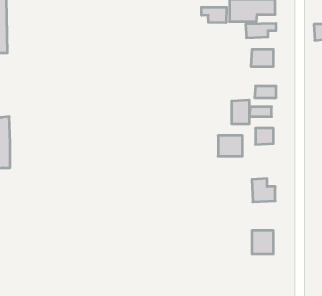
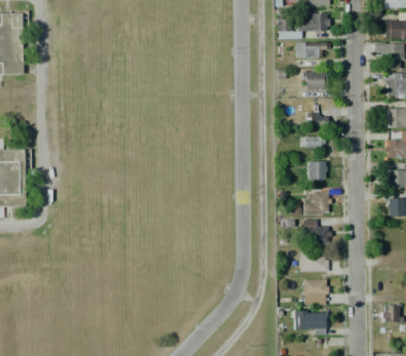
building: [201,7,227,23] -> none
building: [232,100,249,124] -> none
building: [218,136,242,156] -> [302,192,330,215]
building: none -> [300,251,329,272]
building: none -> [294,311,328,335]

